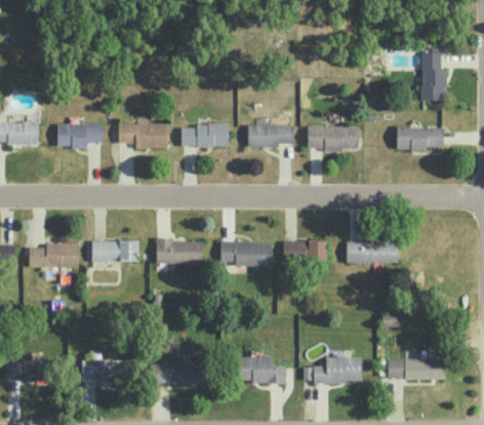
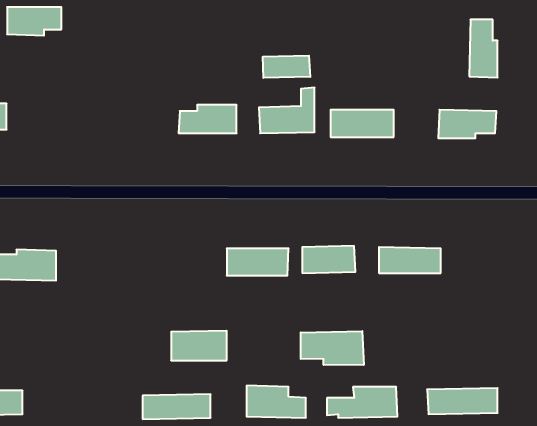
building: none -> [263,56,310,78]
building: [57,124,103,148] -> [7,7,61,36]
building: [119,124,168,148] -> none
building: [156,239,202,264] -> [171,331,227,360]
building: [91,240,139,262] -> none
building: none -> [301,331,364,365]
building: [82,360,124,383] -> none

